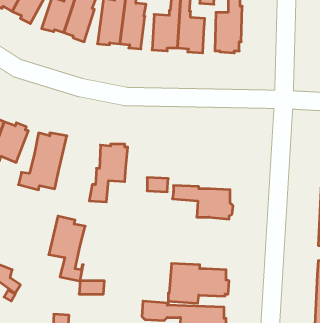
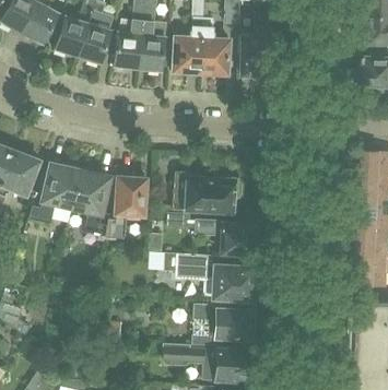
building: none -> [169,169,240,212]
building: [49,216,85,281] -> [70,166,109,236]
building: none -> [163,253,256,299]

